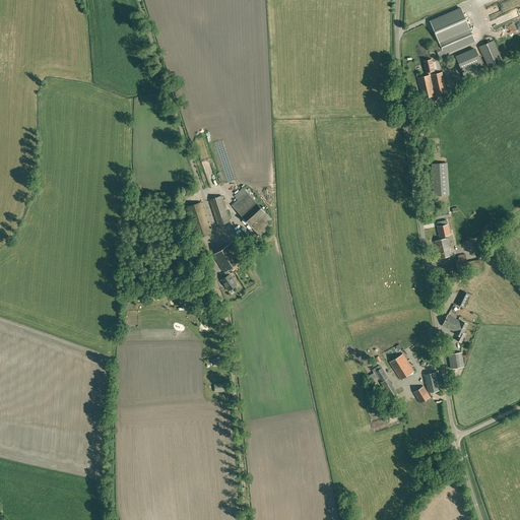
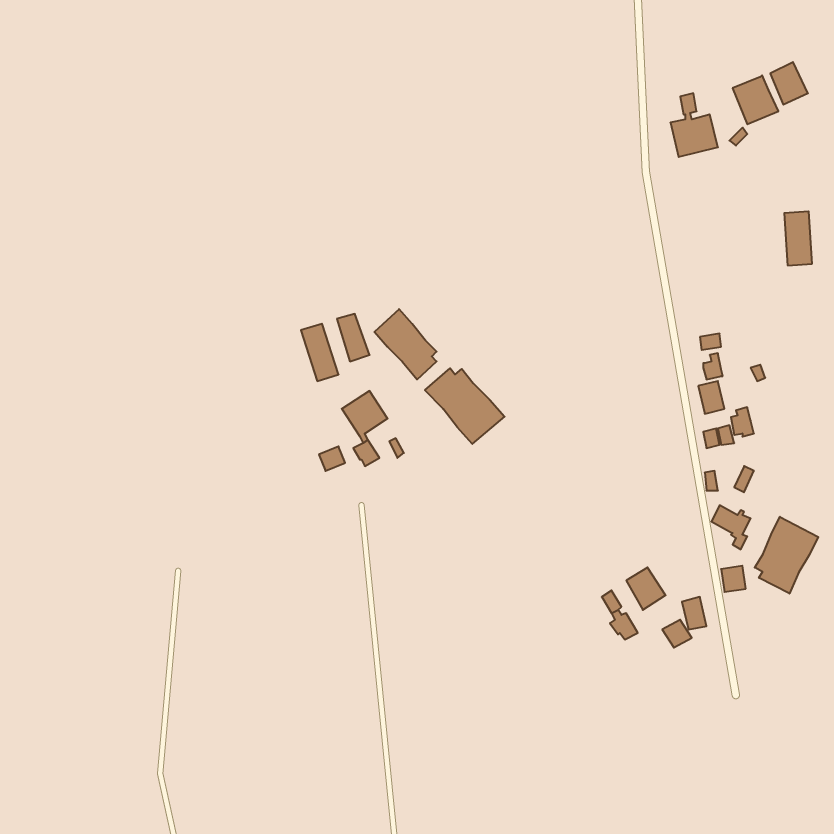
building: [430,7,474,56] -> none
building: [431,161,448,195] -> [784,211,812,265]
building: none -> [425,368,505,444]
building: none -> [755,517,818,594]

